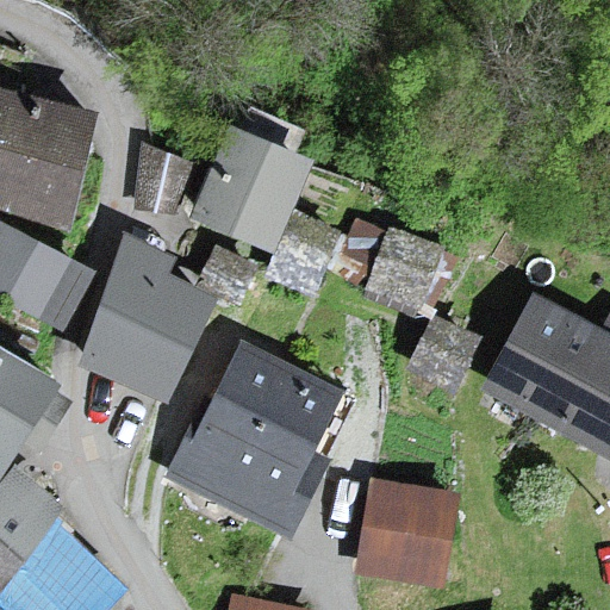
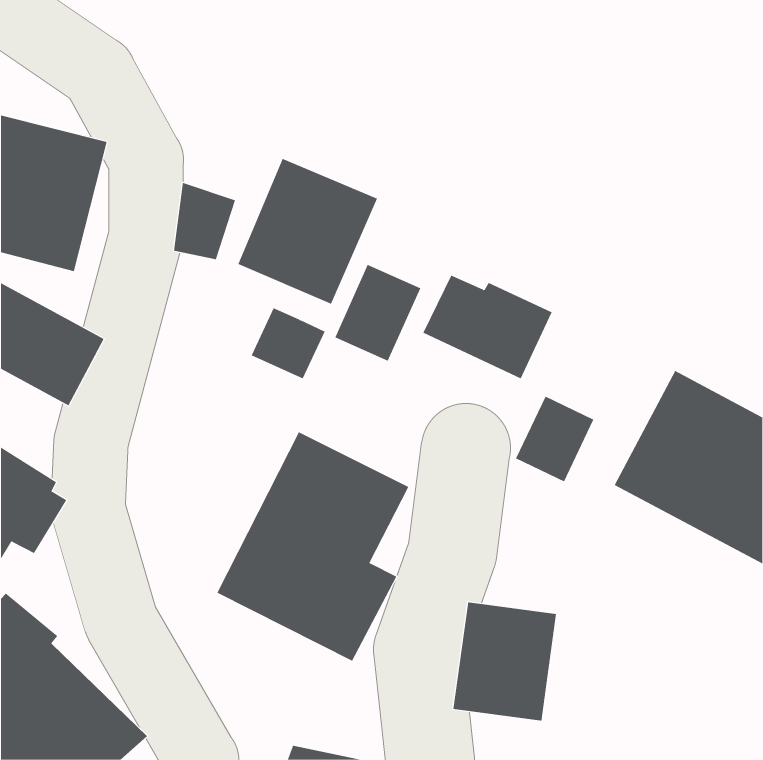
building: [87,234,212,399] -> none

